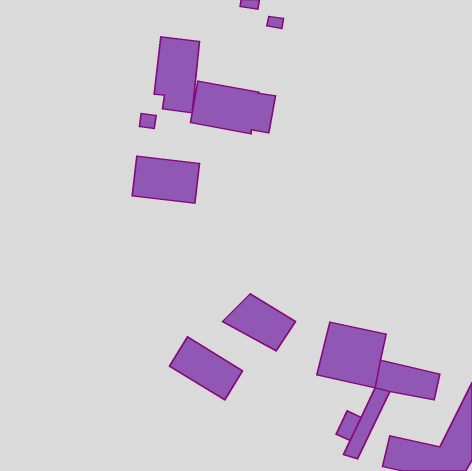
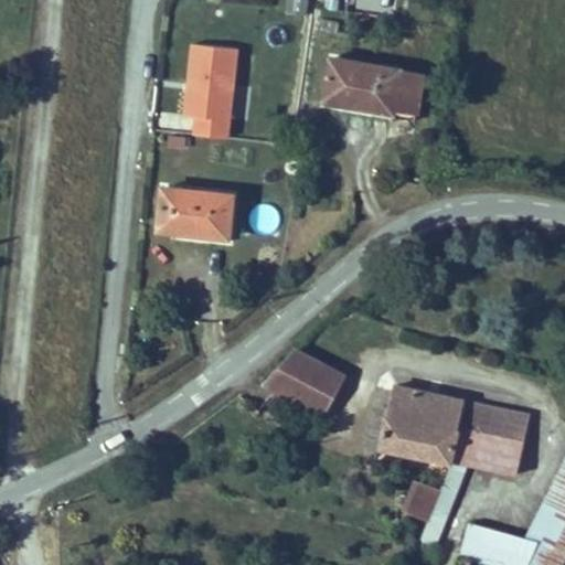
building: [190,81,275,134] -> [323,56,425,119]
building: none -> [455,399,533,447]
building: [169,337,243,400] -> none

